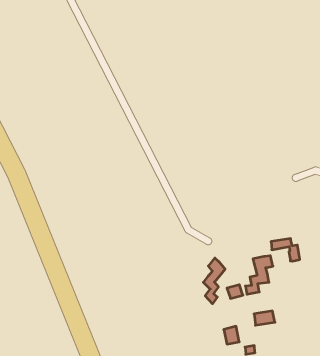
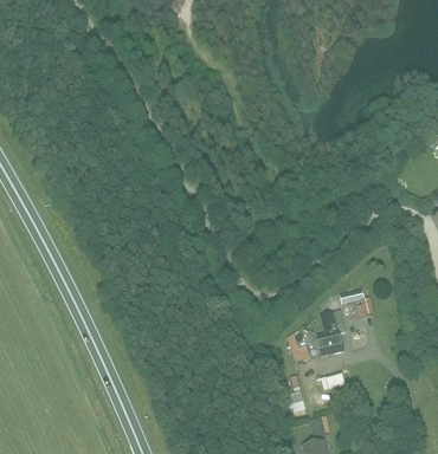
building: [203,258,225,304] -> none

